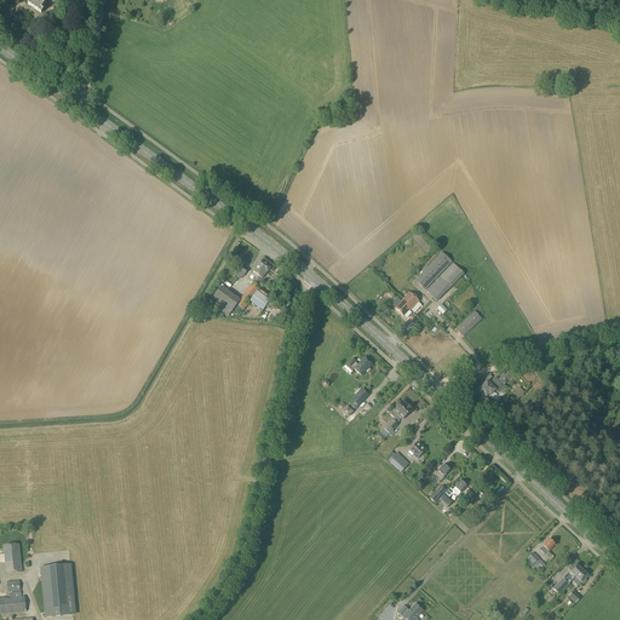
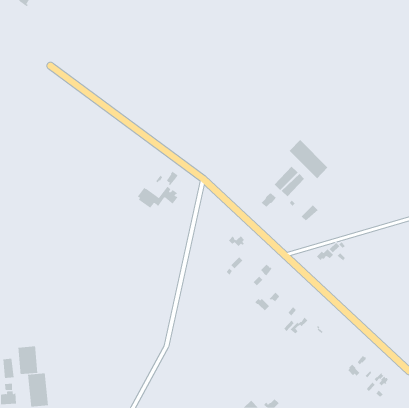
building: none -> [289,139,328,179]
building: none -> [18,346,38,375]

